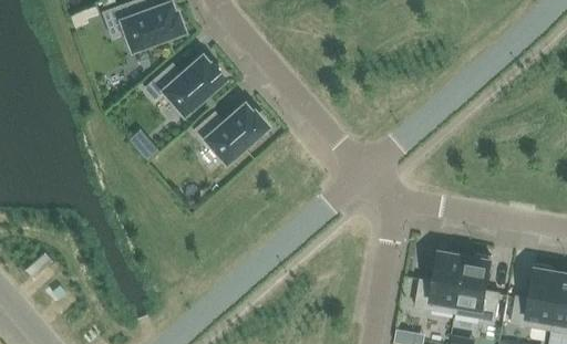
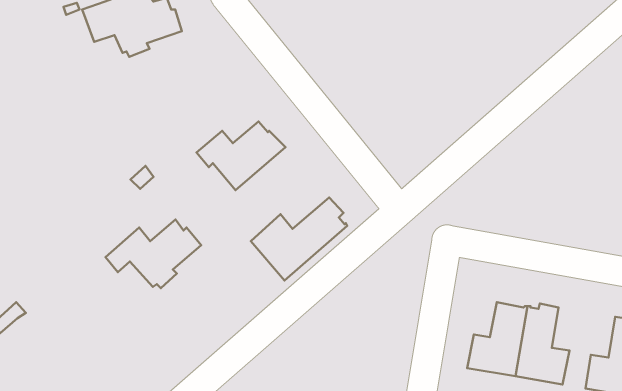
building: [144,58,223,114] -> [106,220,201,288]
building: none -> [251,198,347,280]

